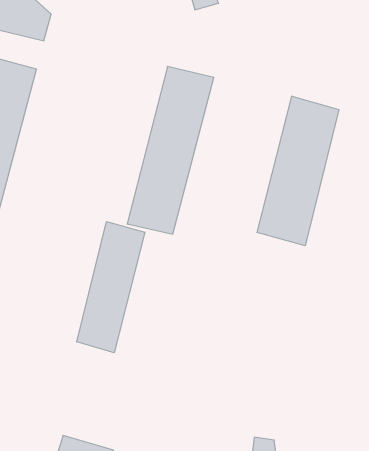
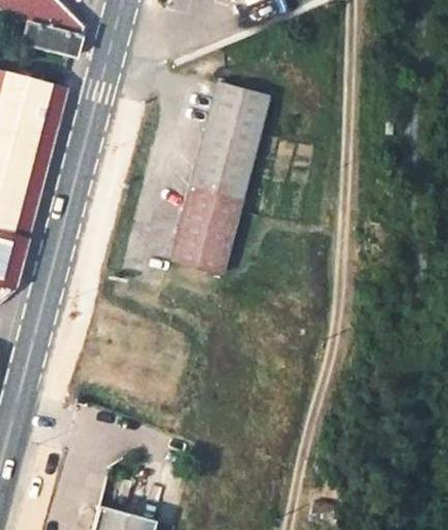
building: [257,96,339,246] -> none
building: [77,222,145,353] -> none

